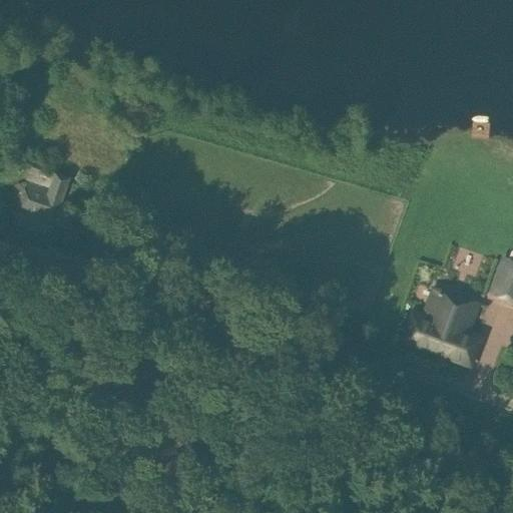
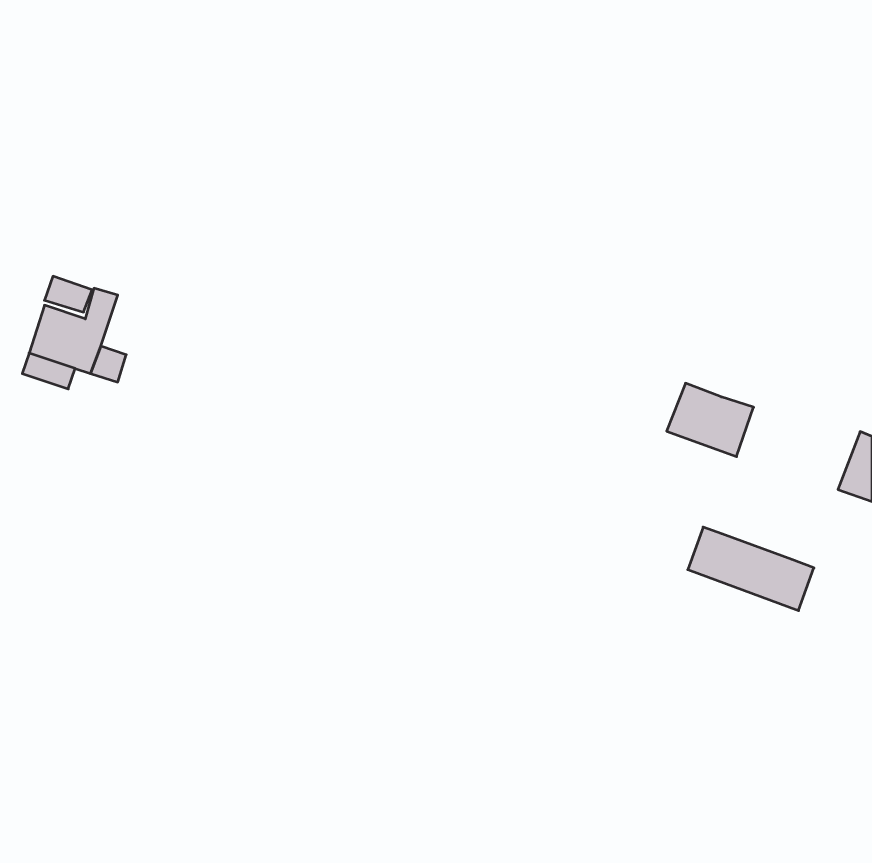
building: [424,286,475,329] -> [667,383,754,457]

